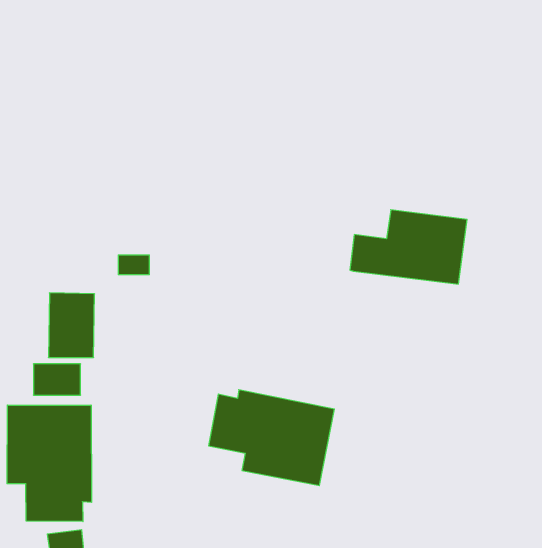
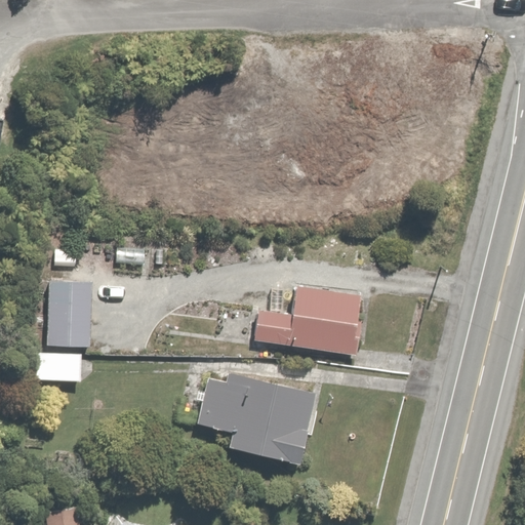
building: [350,210,467,284] -> [250,284,362,355]
building: [7,405,92,522] -> none

